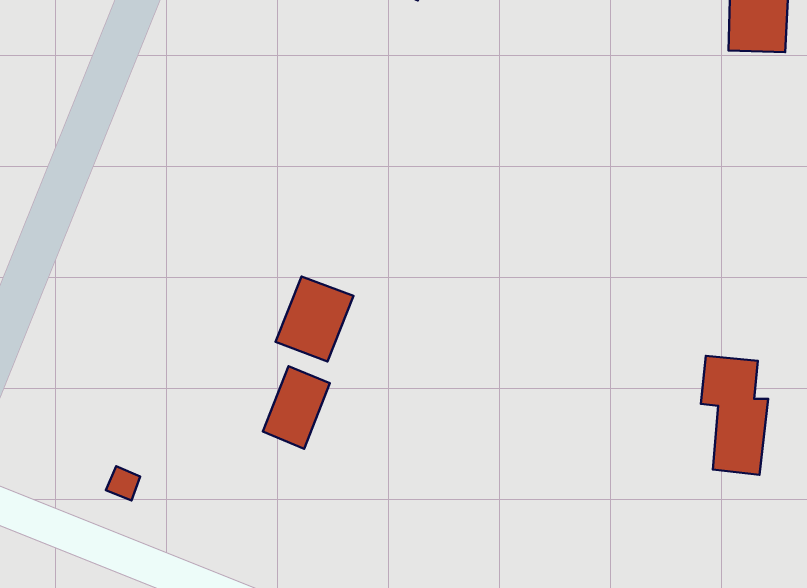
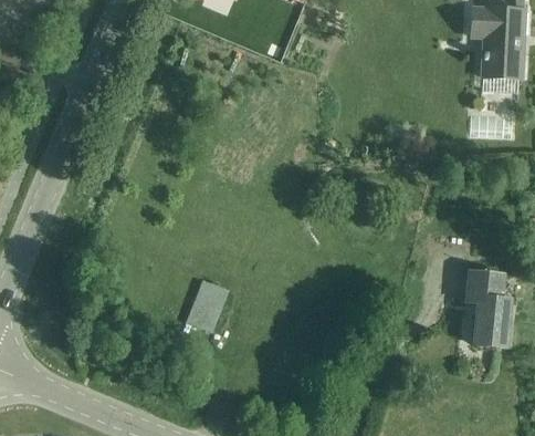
building: [276,276,353,362] -> none

